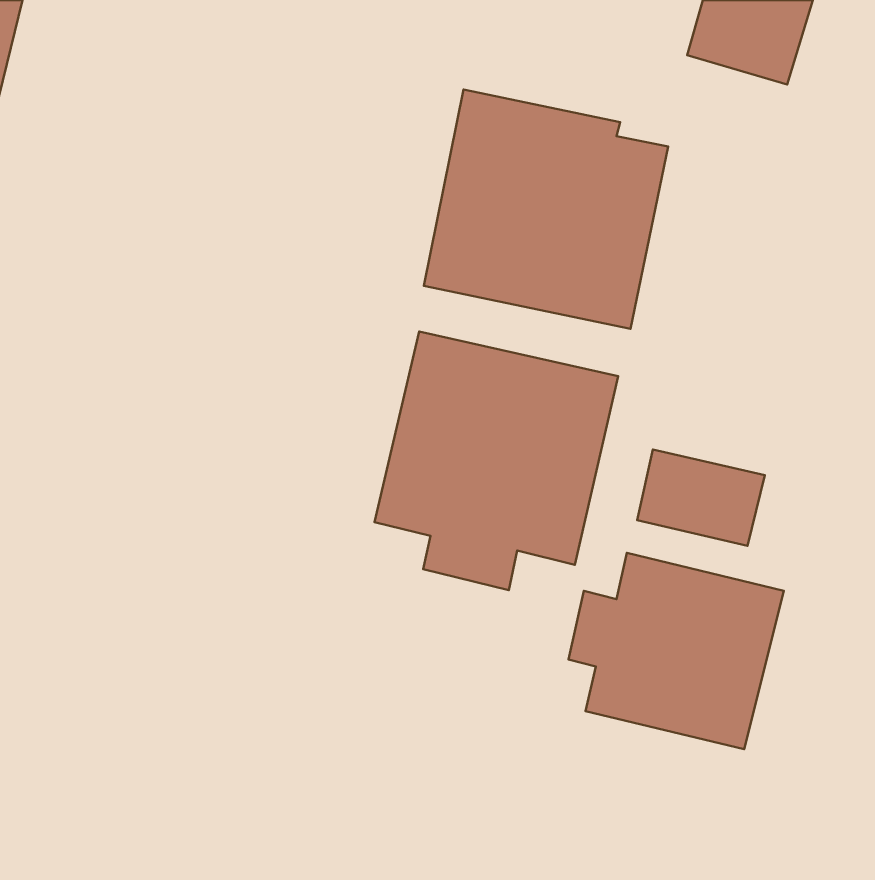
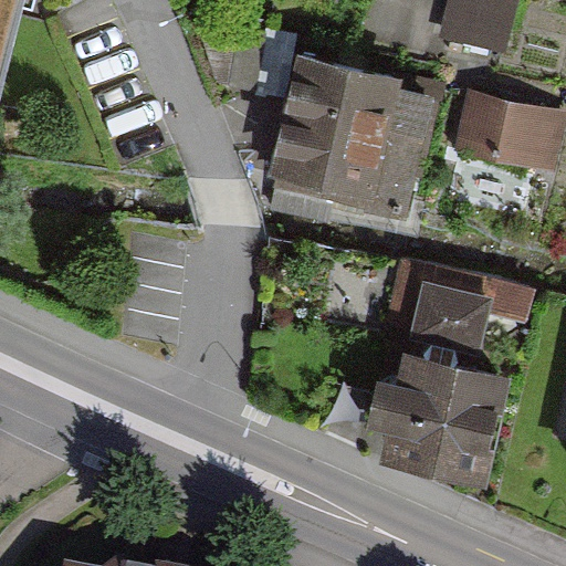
building: none -> [452,90,557,170]
building: [375,332,618,590] -> none

